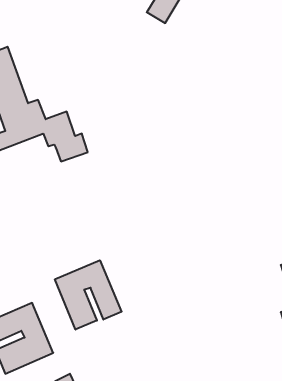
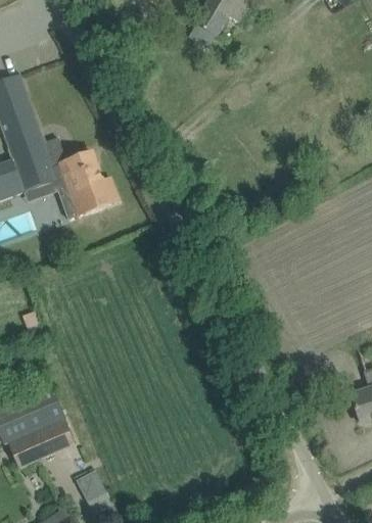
building: [55,260,122,330] -> none

